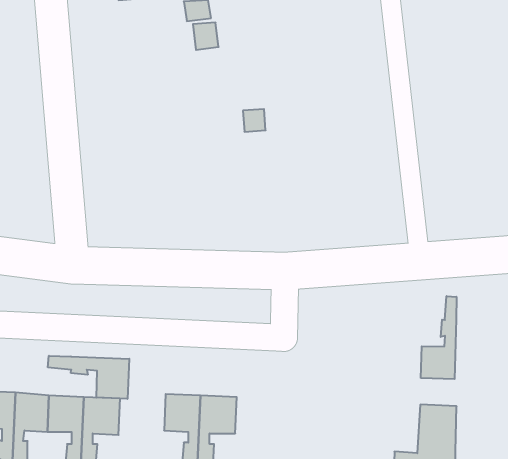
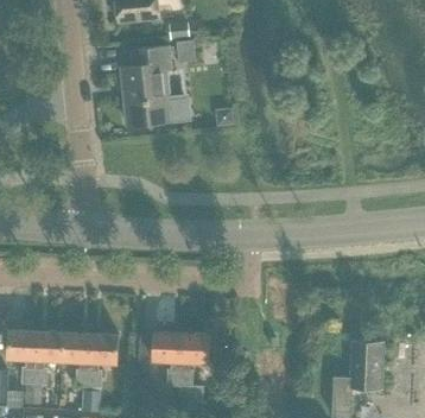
building: none -> [123,46,186,126]
building: [421,296,456,379] -> none
building: [48,356,129,399] -> none

